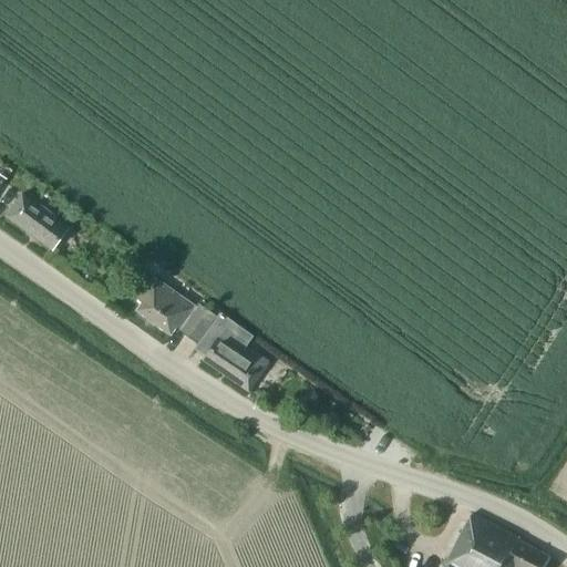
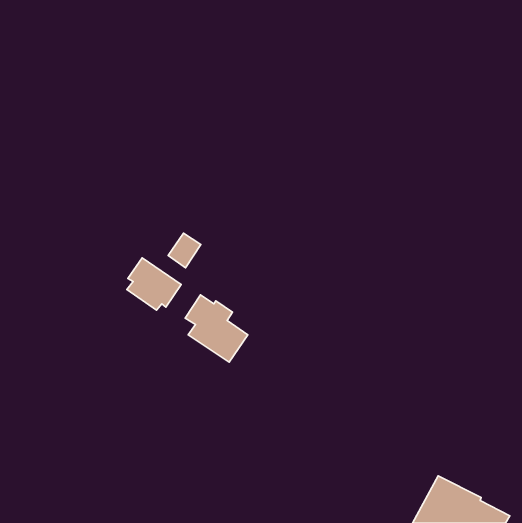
building: [8,197,69,251] -> none
building: [183,307,218,344] -> [168,233,201,268]

